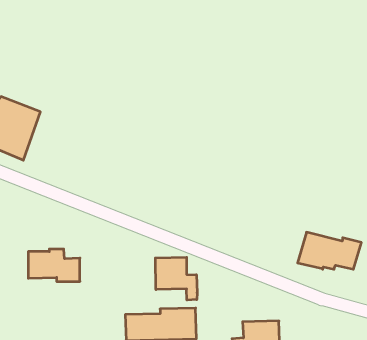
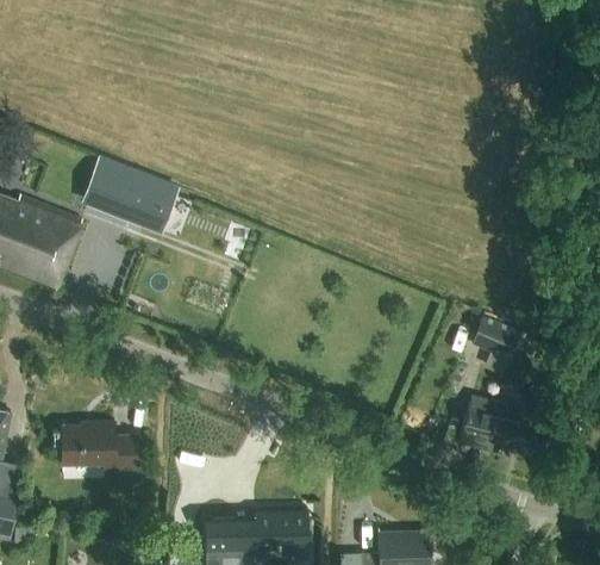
building: none -> [80,156,179,235]
building: none -> [469,309,518,360]
building: [155,257,197,300] -> none

